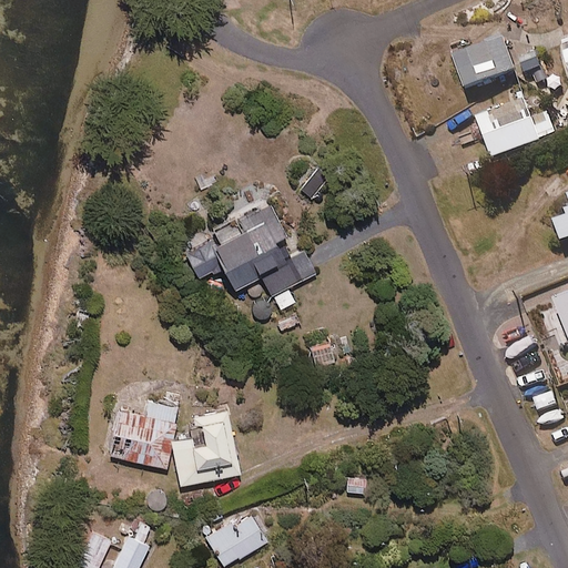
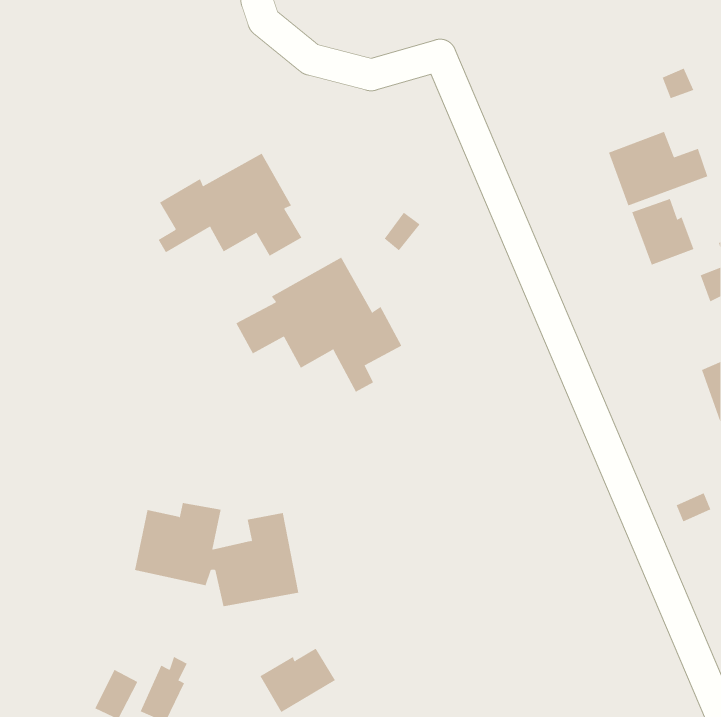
building: [456,45,519,97] -> none
building: none -> [158,153,302,257]
building: none -> [632,198,694,266]

